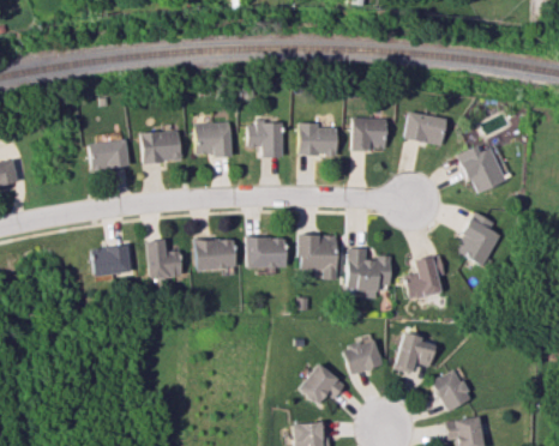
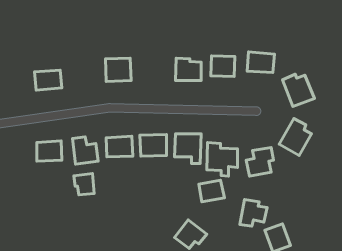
building: [248,122,284,157] -> none
building: [142,131,181,162] -> none
building: none -> [74,173,94,195]
building: [343,340,381,373] -> [199,180,225,202]

